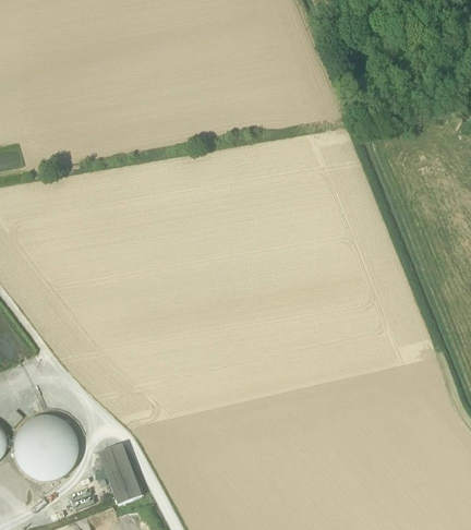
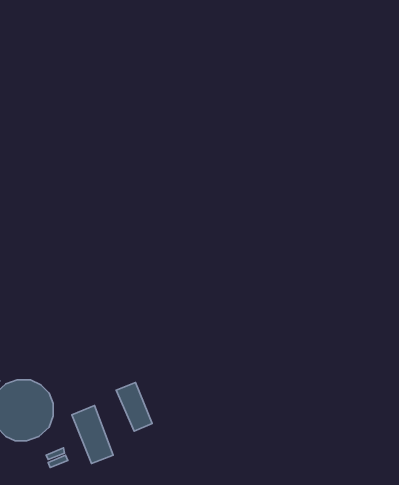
building: none -> [116,382,152,431]

